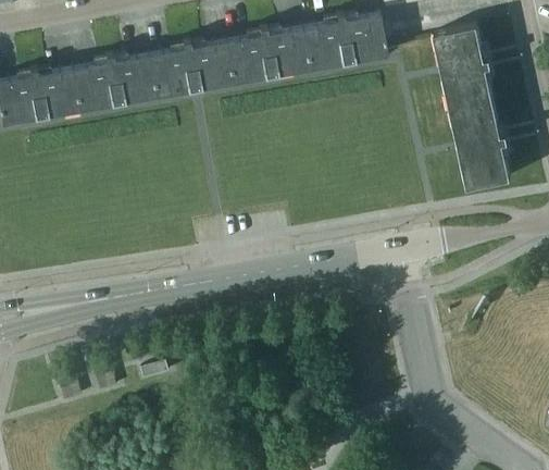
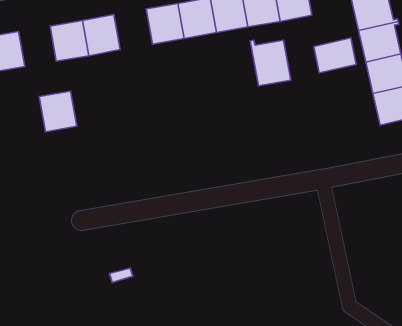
building: [146,48,192,97] -> none
building: [30,69,76,118] -> [39,91,77,132]
building: none -> [314,38,356,73]
building: none -> [250,40,291,86]

